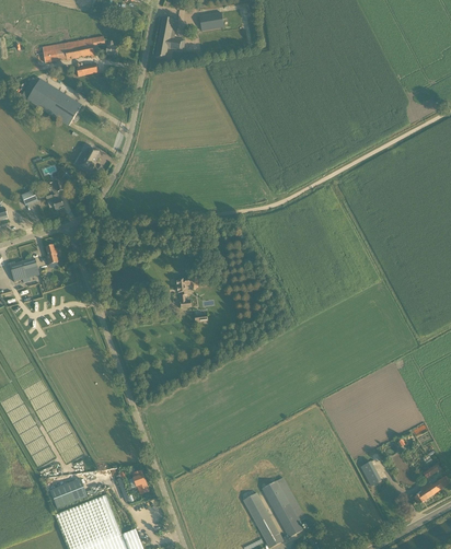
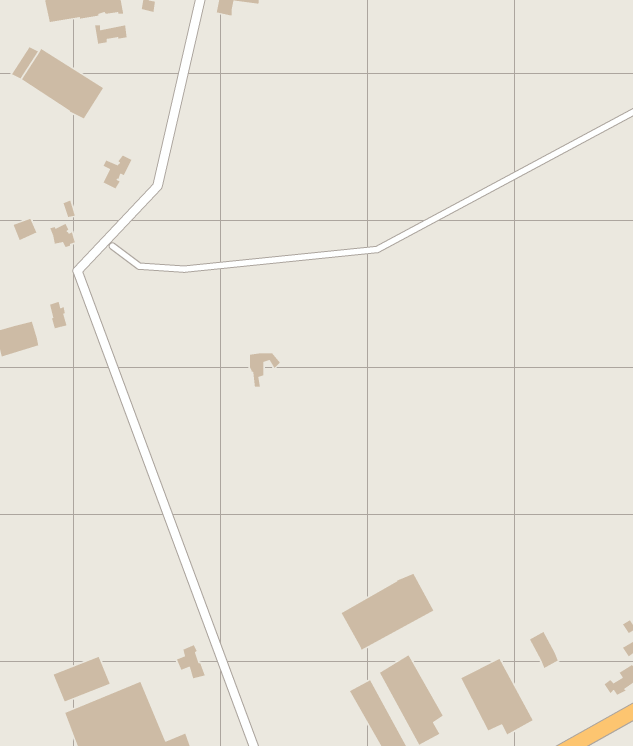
building: none -> [341,573,434,651]
building: none -> [460,658,534,735]

